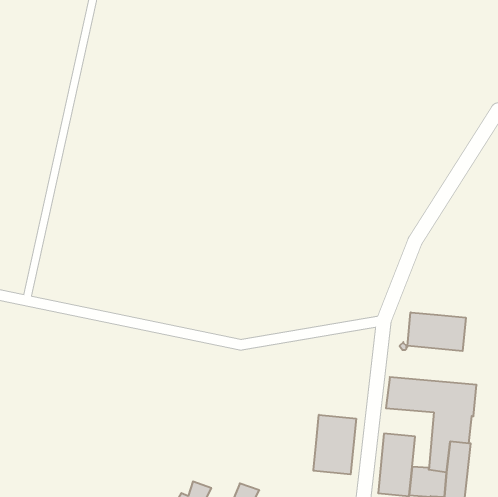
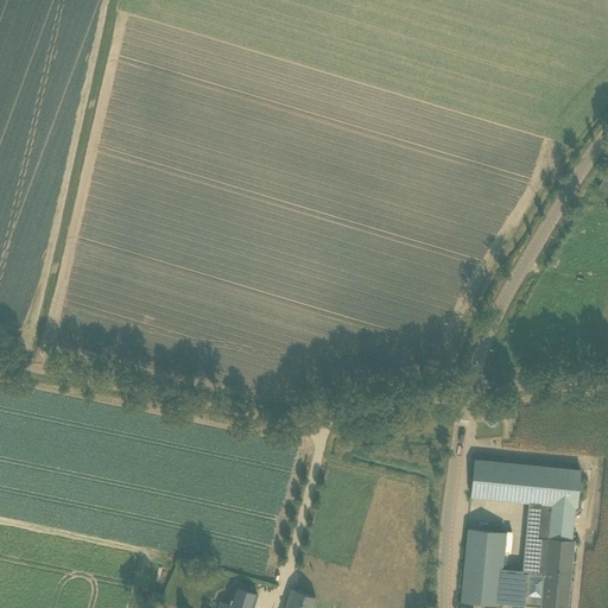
building: [407,312,466,351] -> none
building: [313,415,356,474] -> none

